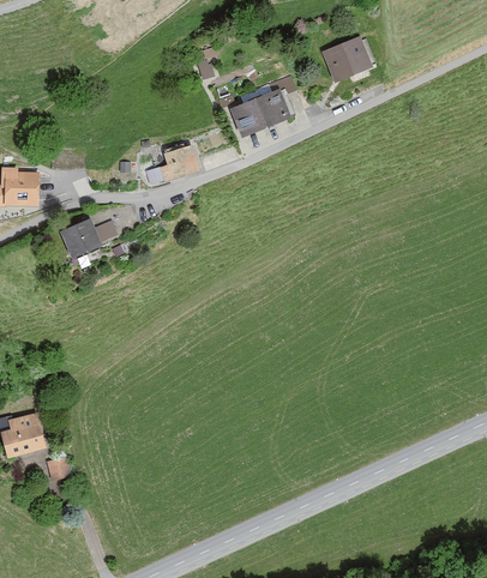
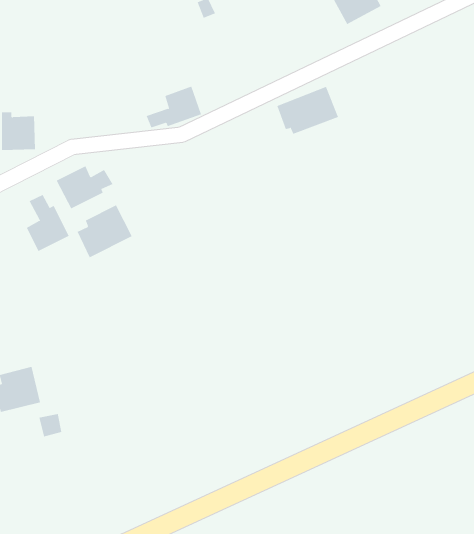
building: [232,88,291,134] -> [277,86,339,135]
building: none -> [26,194,69,252]
building: none -> [77,204,132,258]

